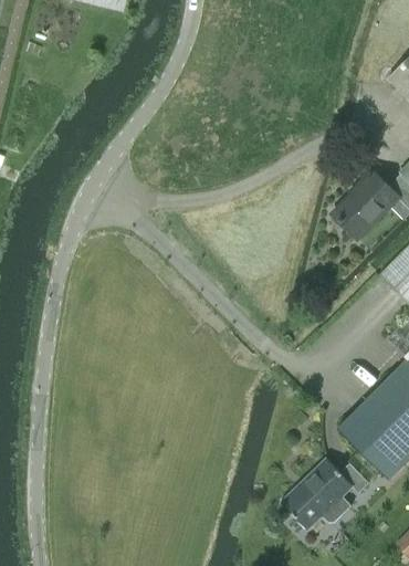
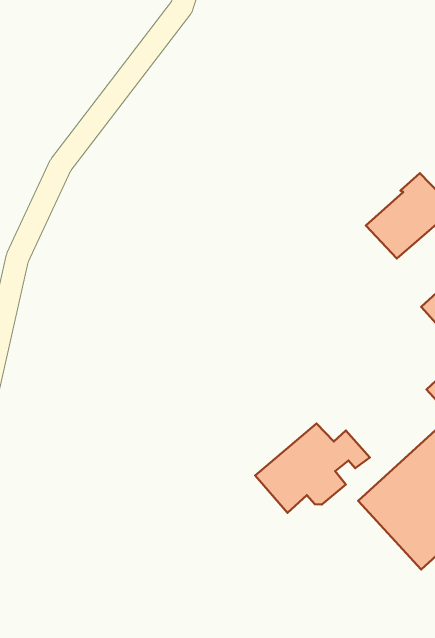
building: [281,459,369,530] -> [255,423,370,513]

